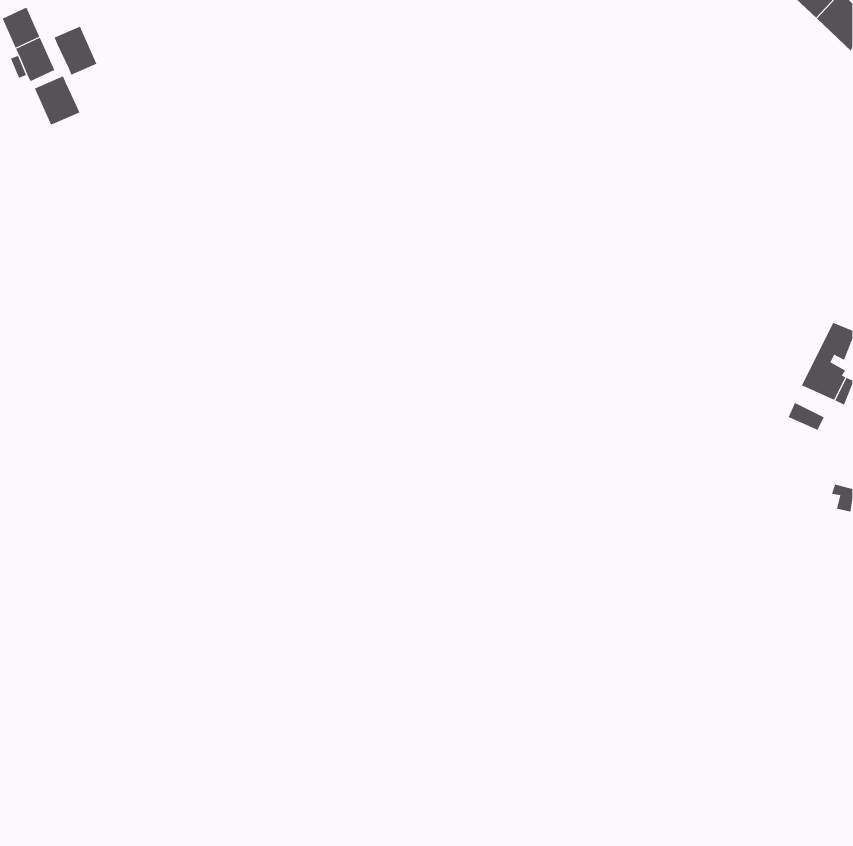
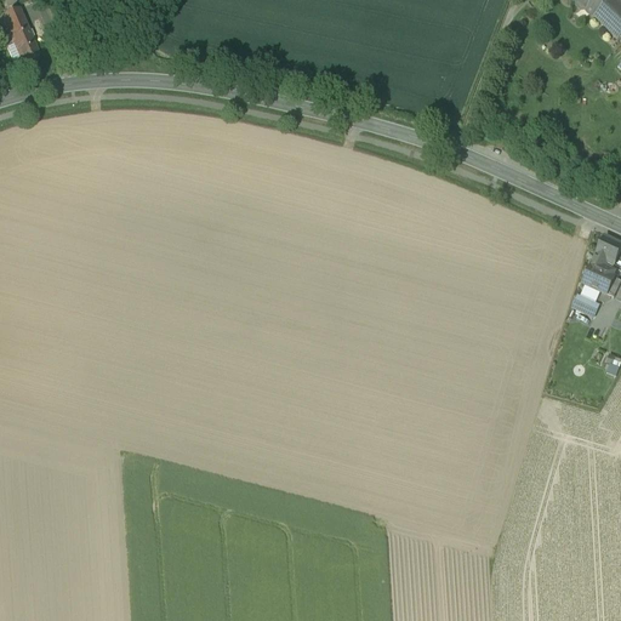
building: [54,26,97,75] -> none
building: [34,75,80,125] -> none

